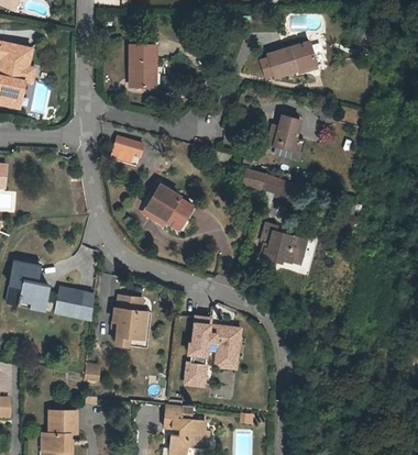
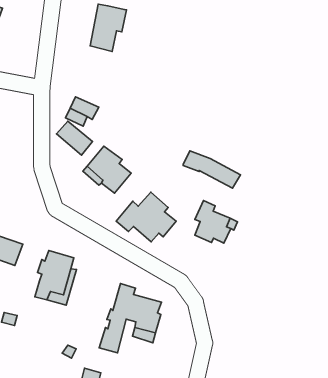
building: [261,45,316,78] -> none
building: [268,120,301,162] -> none
building: none -> [57,121,92,155]
building: none -> [116,192,176,242]

